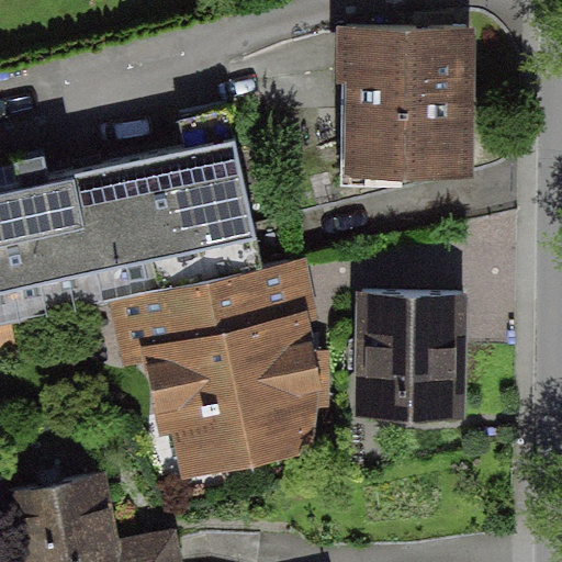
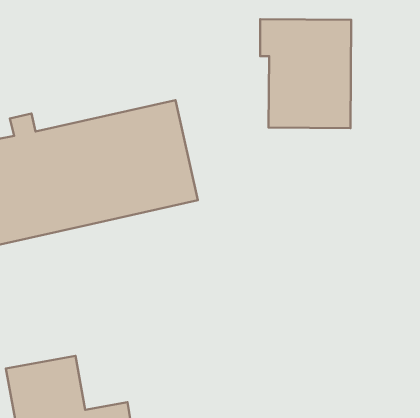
building: [121,266,306,457] -> none
building: [357,297,462,420] -> none

